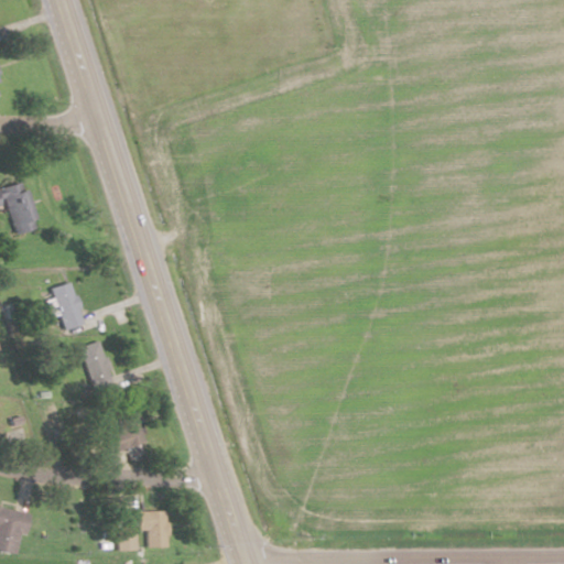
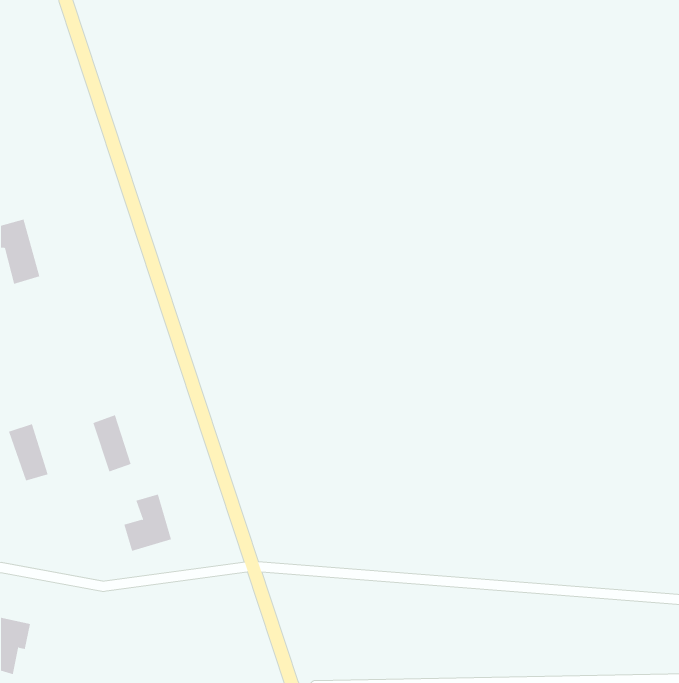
building: [52,283,85,330] -> [8,423,48,481]
building: [140,512,169,550] -> none

